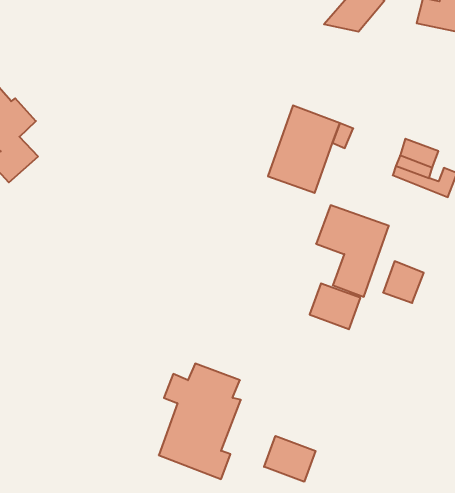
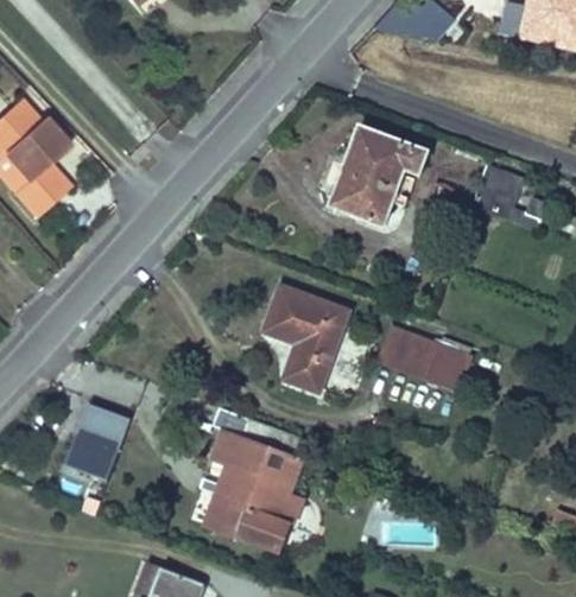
building: [316,205,389,297] -> [265,287,348,392]
building: [383,261,424,303] -> [424,344,470,392]
building: none -> [62,411,132,488]
building: [264,436,316,482] -> none

